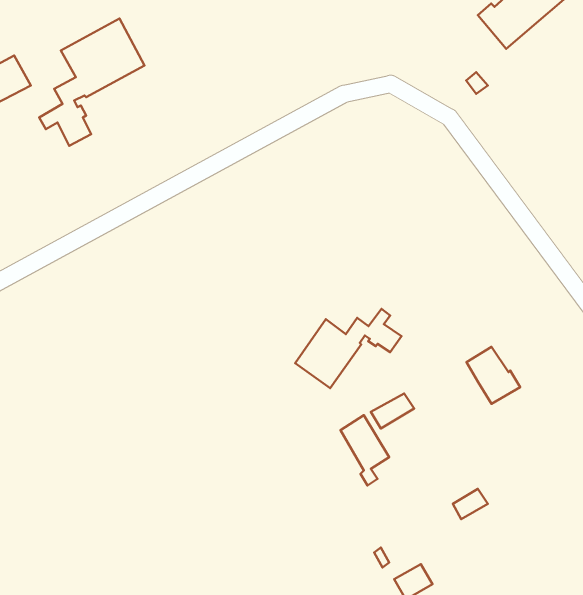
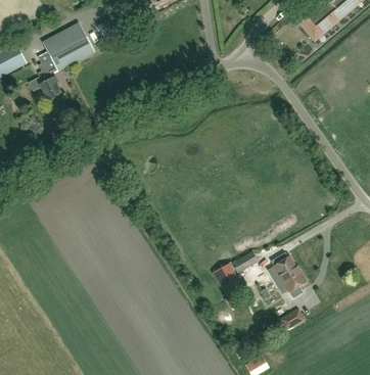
building: [295,309,401,388] -> none
building: [466,347,520,404] -> [274,256,307,291]

